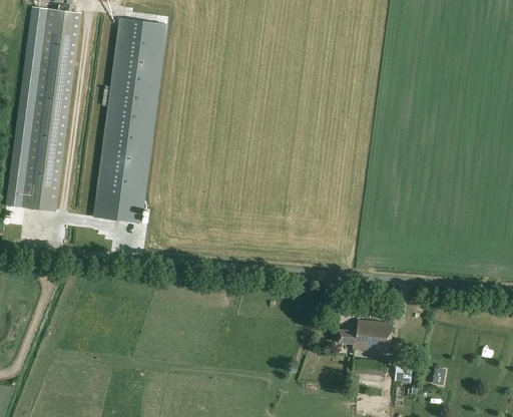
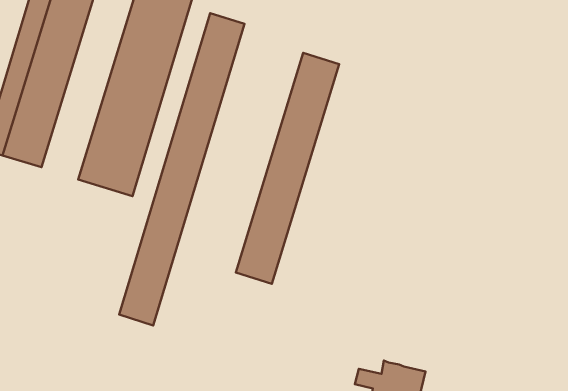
building: none -> [119,13,244,325]
building: none -> [236,53,339,284]

